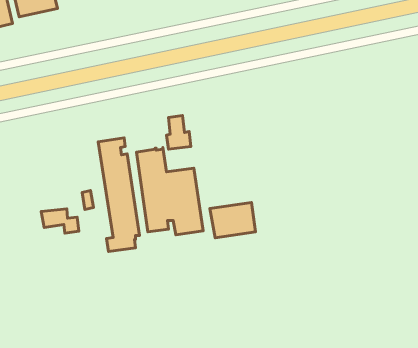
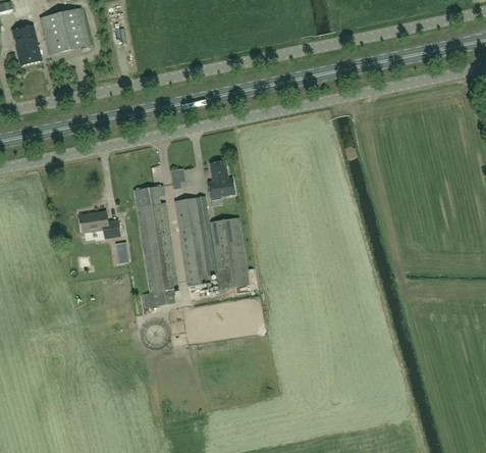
building: [210,202,255,238] -> none
building: [41,209,79,233] -> [78,212,119,239]

